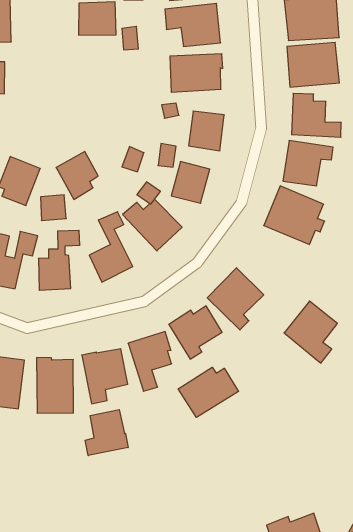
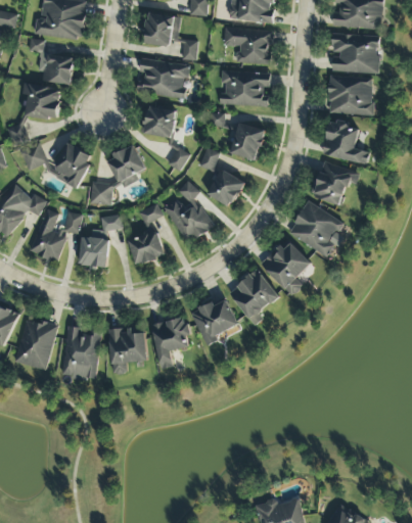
building: none -> [137,57,189,99]
building: none -> [142,104,178,138]
building: [284,301,337,363] -> [263,239,312,296]
building: [178,367,239,417] -> none
building: [85,410,128,456] -> none

